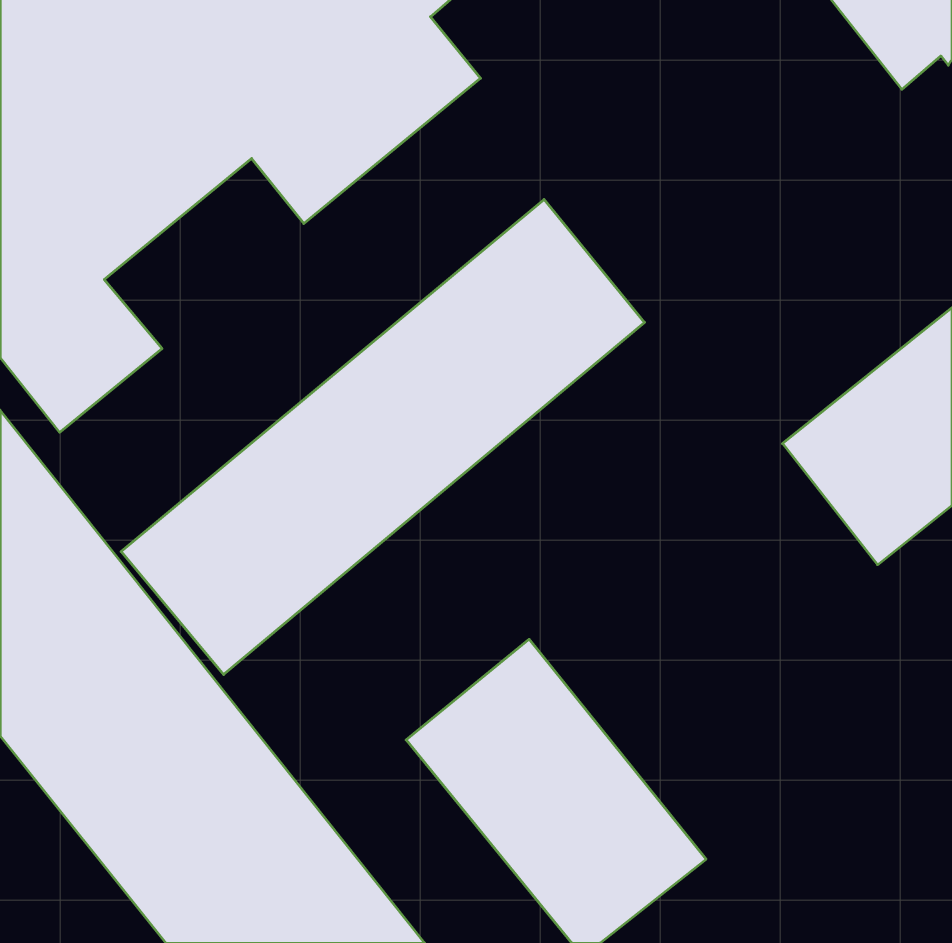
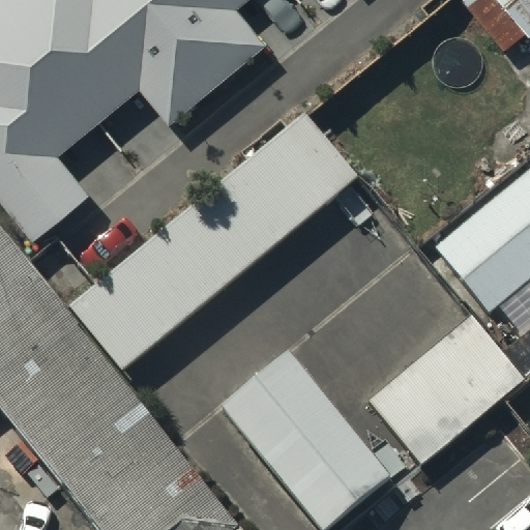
building: none -> [367,318,522,465]

